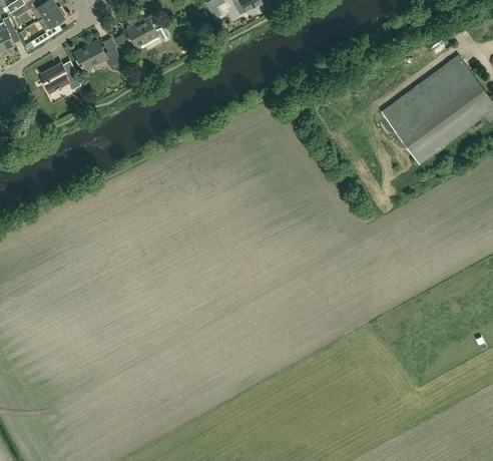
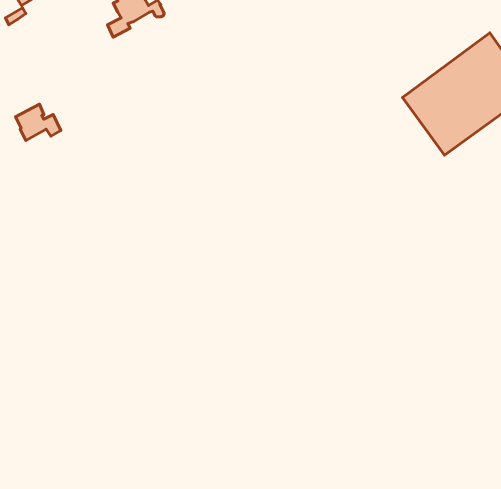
building: [74,41,121,71] -> none
building: [40,62,80,94] -> [16,104,61,141]

